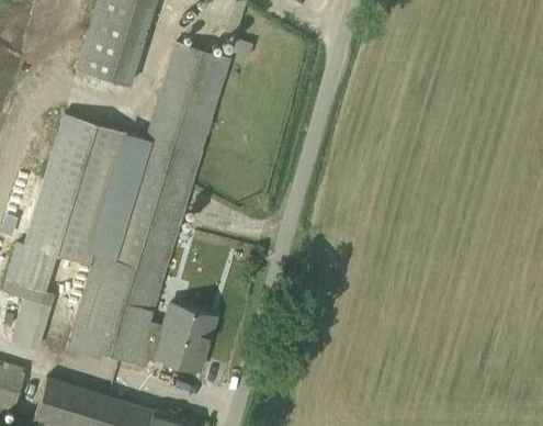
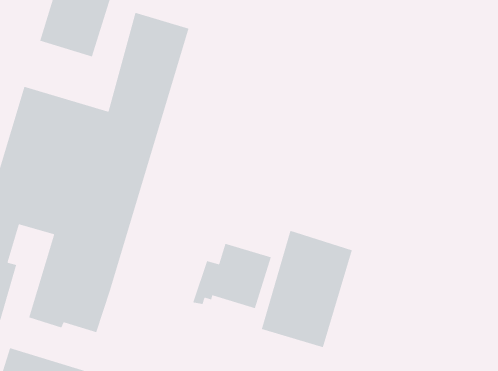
building: none -> [261,230,353,348]
building: [136,304,216,371] -> [192,243,272,309]

